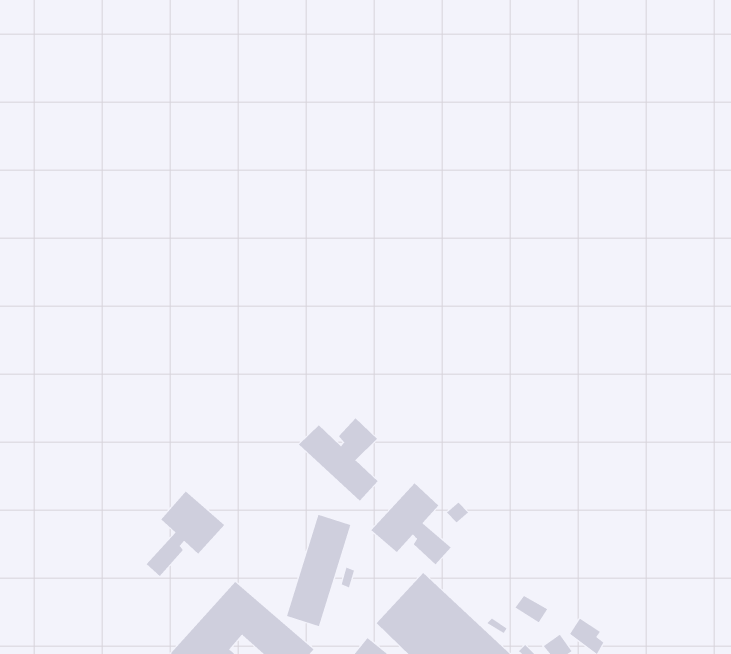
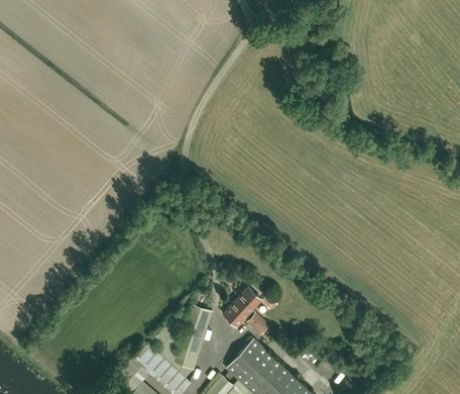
building: [298,418,378,502] -> none
building: [146,491,225,577] -> none

